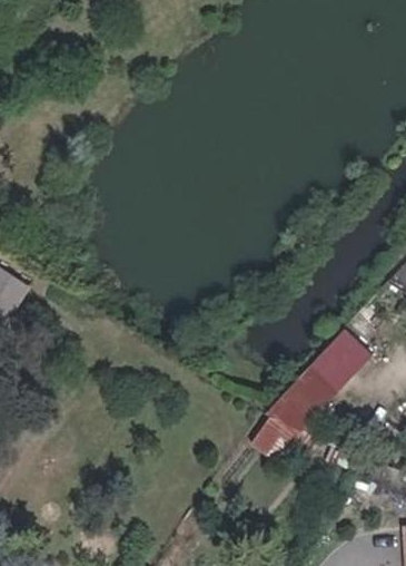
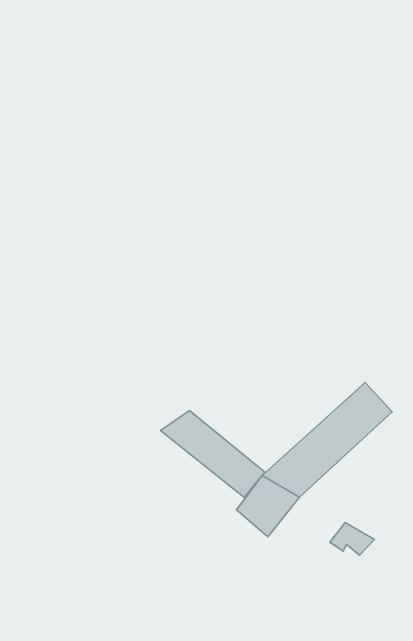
building: none -> [160,410,265,498]

